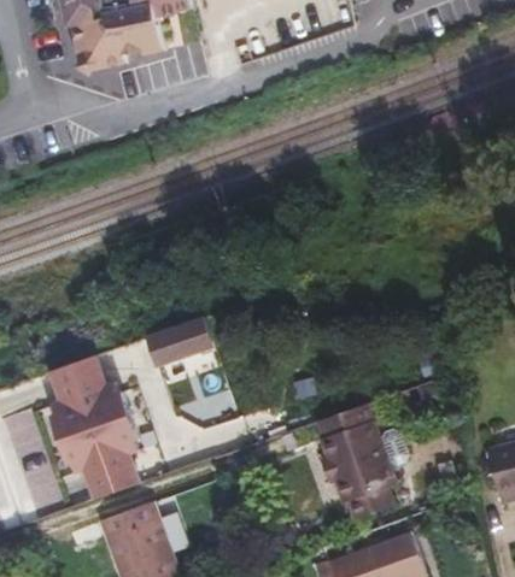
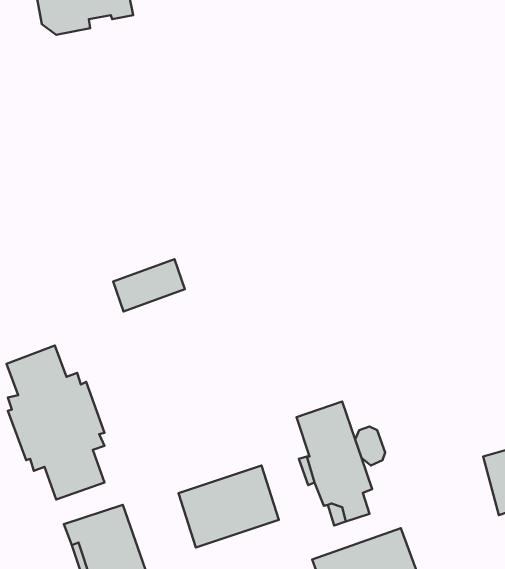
building: [144,318,210,366] -> [113,259,185,311]
building: none -> [178,465,279,548]

